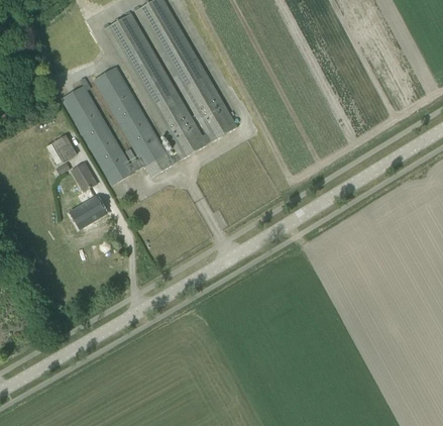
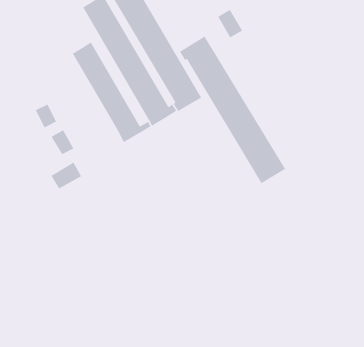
building: none -> [217,9,243,38]
building: none -> [179,36,286,184]
building: [62,85,144,185] -> none

